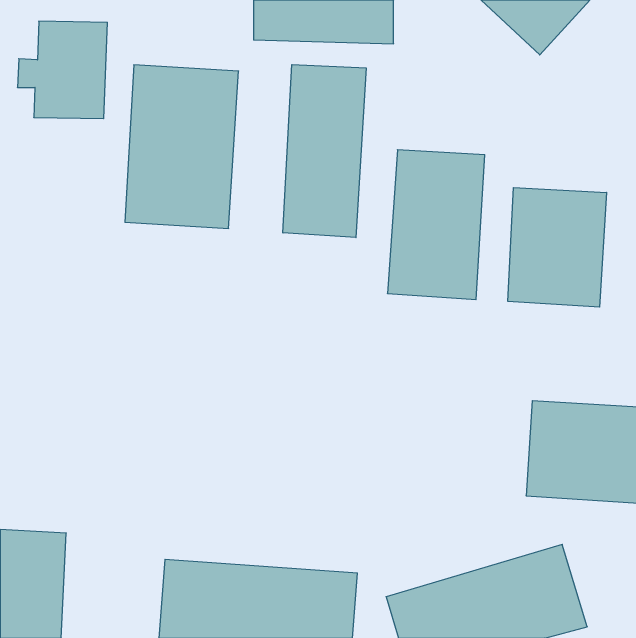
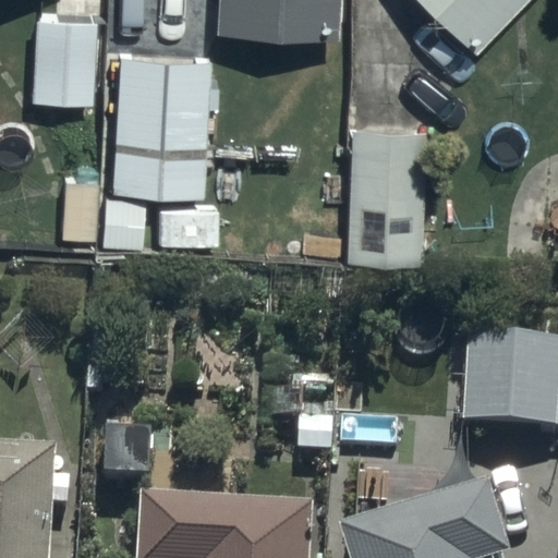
building: [283,65,366,238] -> none
building: [508,188,607,307] -> none

